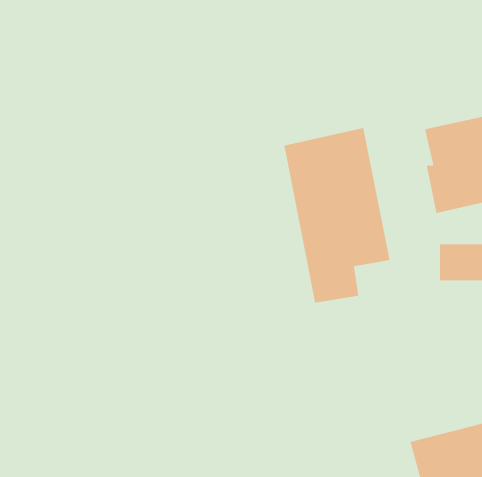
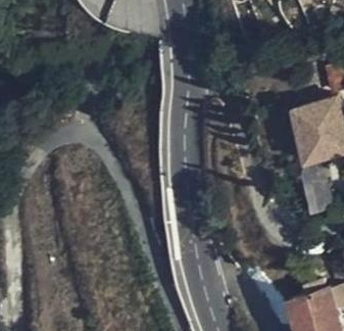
building: [283,127,390,304] -> none

